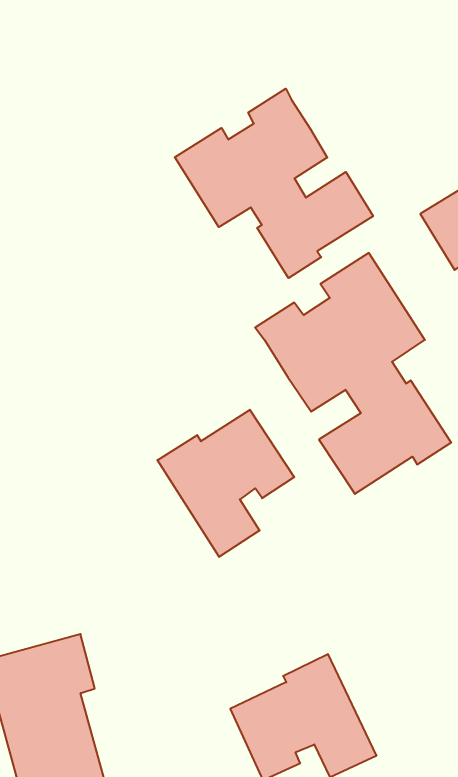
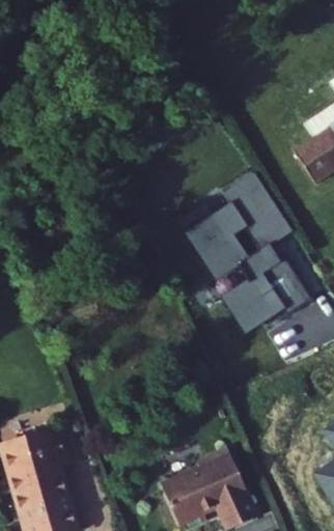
building: [175,89,373,278] -> none
building: [157,410,294,557] -> none

